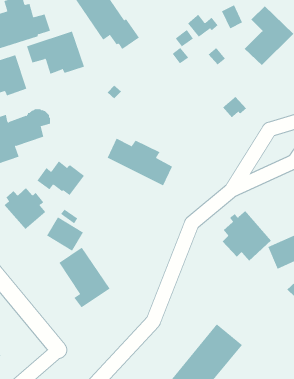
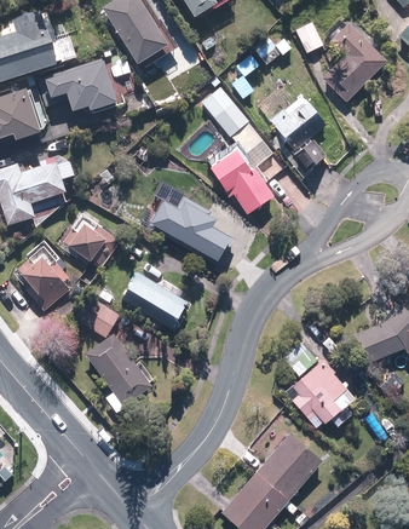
building: none -> [200,87,273,215]
building: none -> [269,94,326,151]
building: none -> [119,271,188,332]
building: [222,210,272,261] -> [290,360,355,425]

